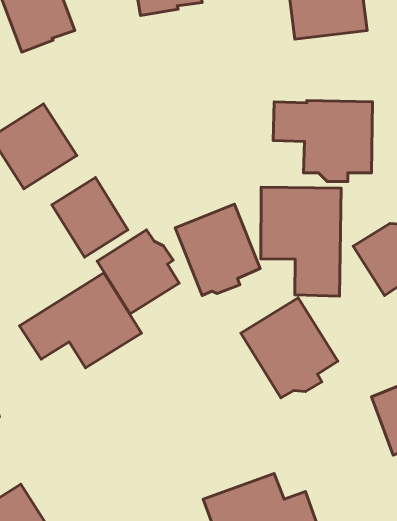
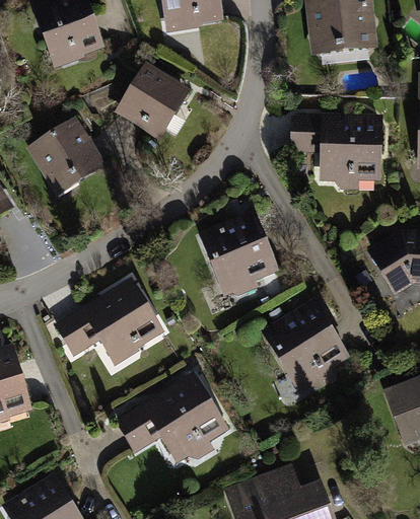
building: none -> [114,61,192,141]
building: [52,177,128,257] -> none
building: [261,187,341,296] -> none
building: [97,230,179,314] -> none
building: none -> [115,372,230,463]

